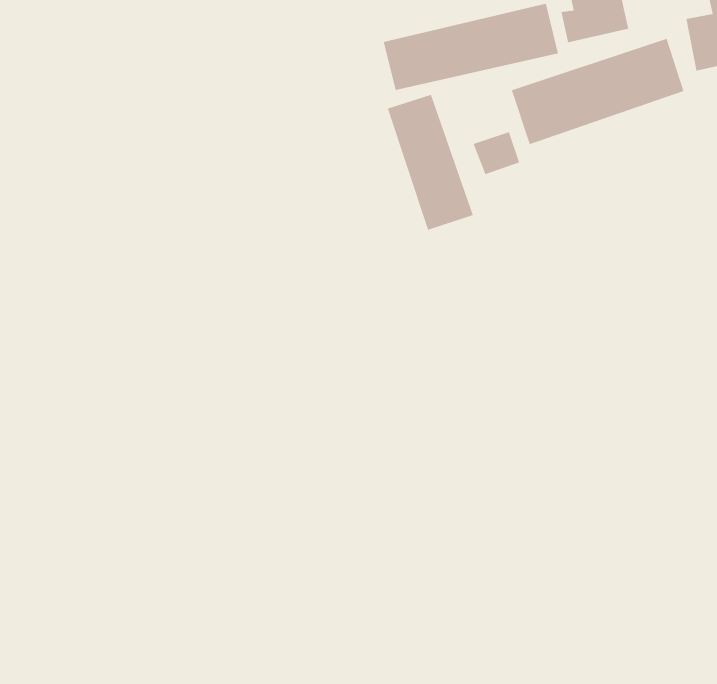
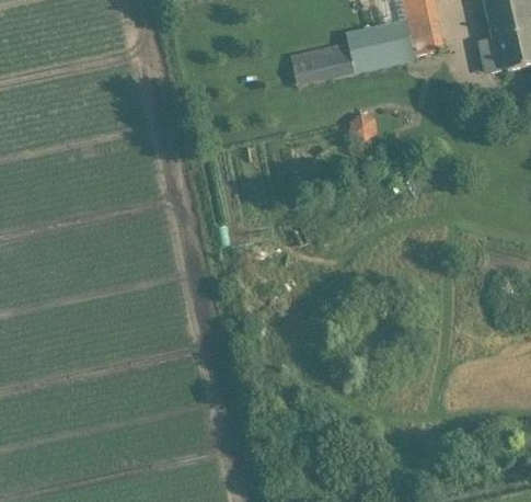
building: [511,38,684,145] -> none
building: [387,94,474,231] -> none

